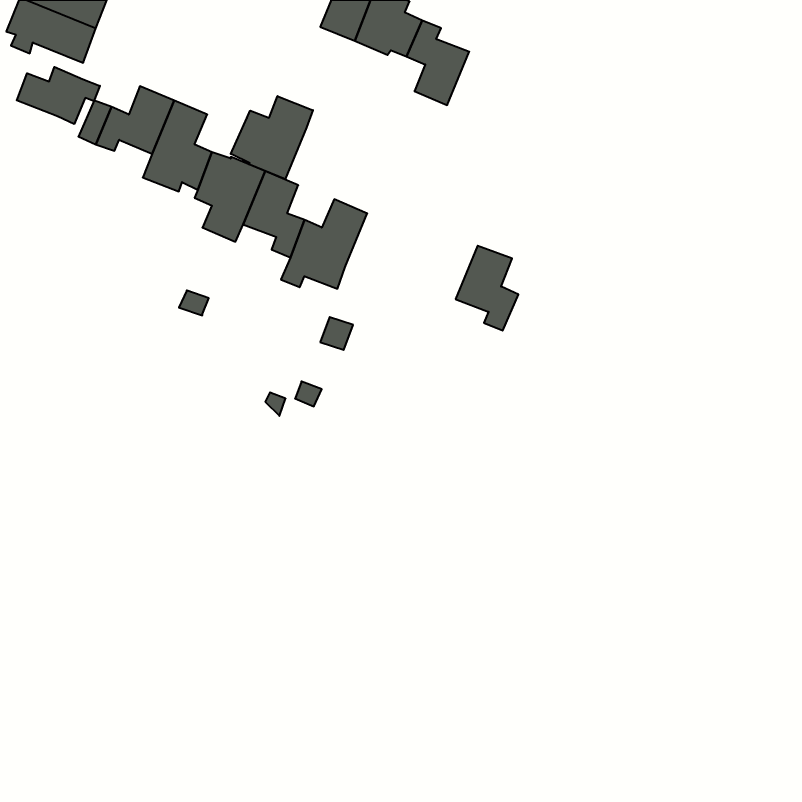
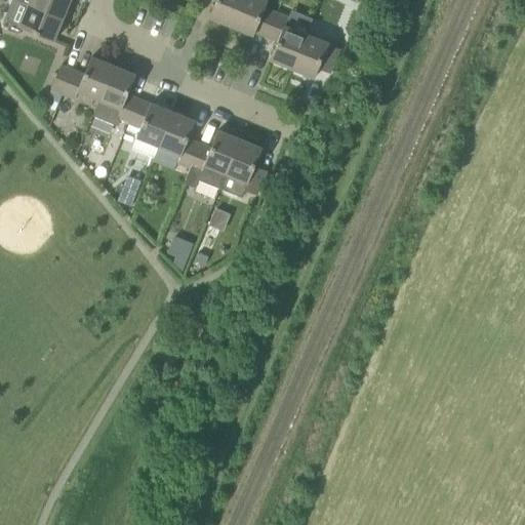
building: none -> [292,34,339,78]
building: [17,67,100,124] -> none
building: [231,96,313,179] -> none
building: [456,246,518,331] -> [226,139,267,195]

